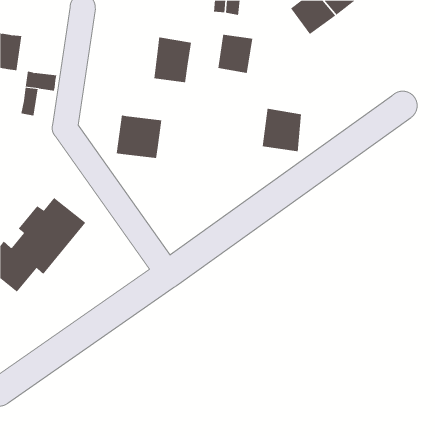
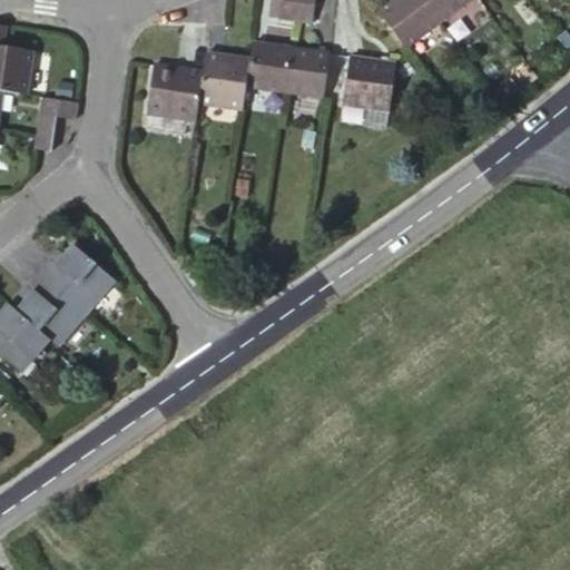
building: none -> [246,39,291,89]
building: [262,108,302,152] -> [343,52,395,109]
building: [116,115,162,158] -> [145,60,205,117]

